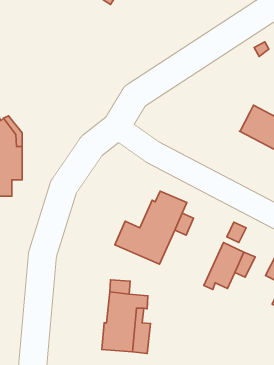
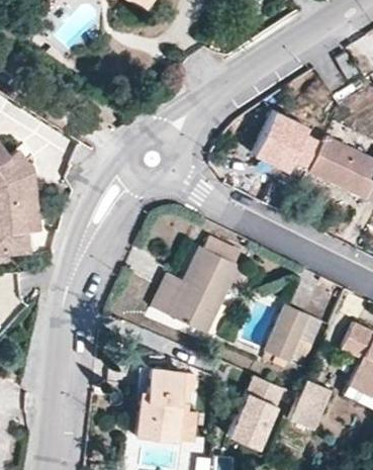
building: none -> [250,109,319,167]
building: none -> [228,376,284,449]
building: none -> [288,381,334,433]

